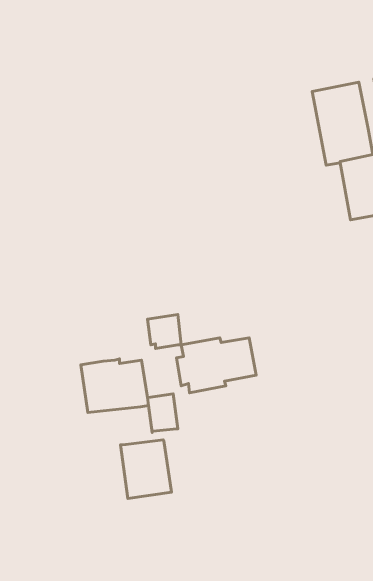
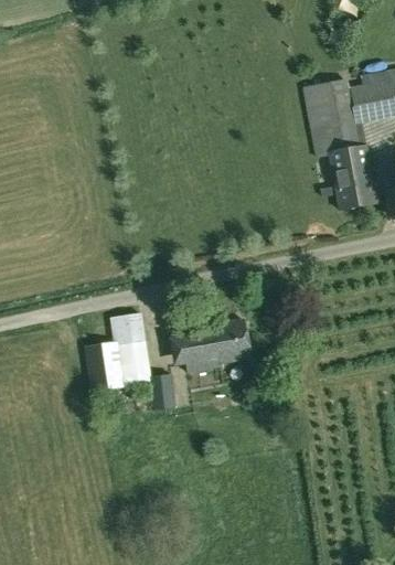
building: [147,315,181,348] -> [114,313,146,345]
building: [121,440,171,499] -> none

